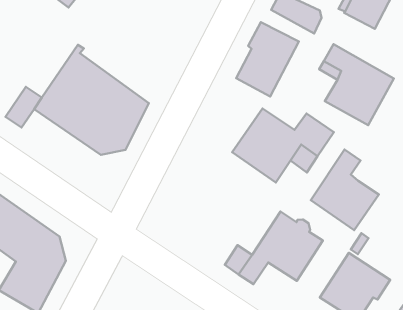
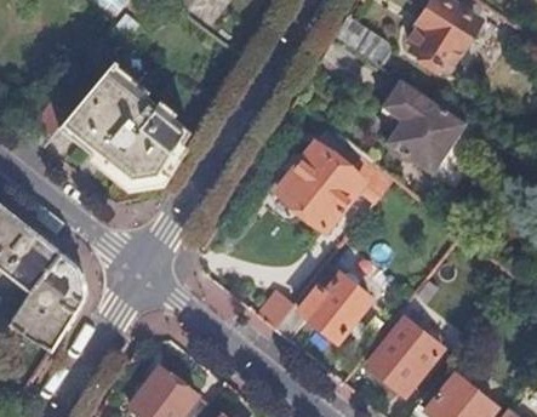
building: [236,22,299,96] -> none
building: [311,149,379,230] -> none

